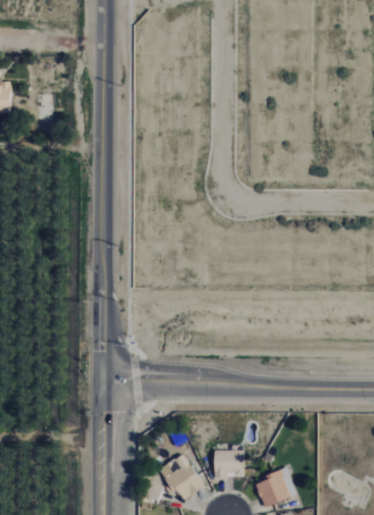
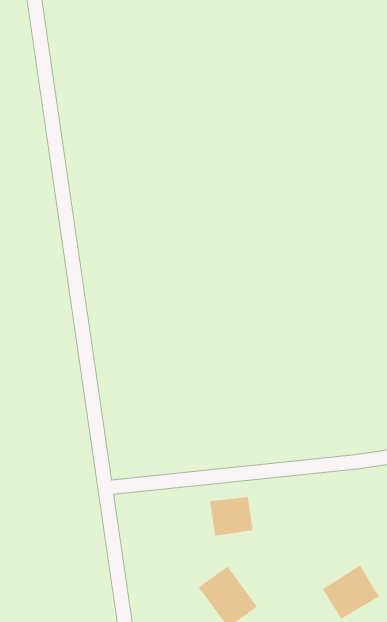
building: [214,450,244,477] -> [209,497,253,536]

